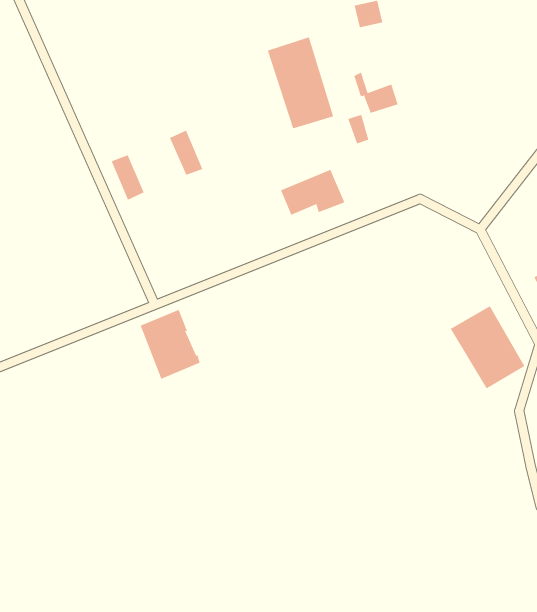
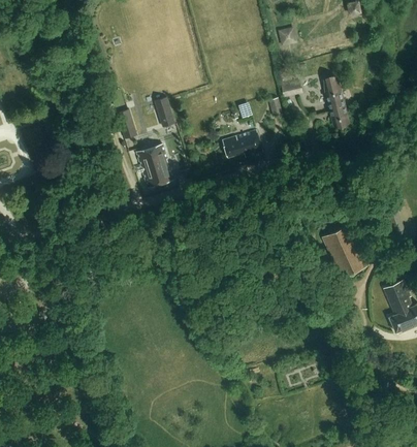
building: [267,36,334,129] -> none
building: none -> [323,76,348,126]
building: [140,309,200,379] -> [136,143,172,187]

